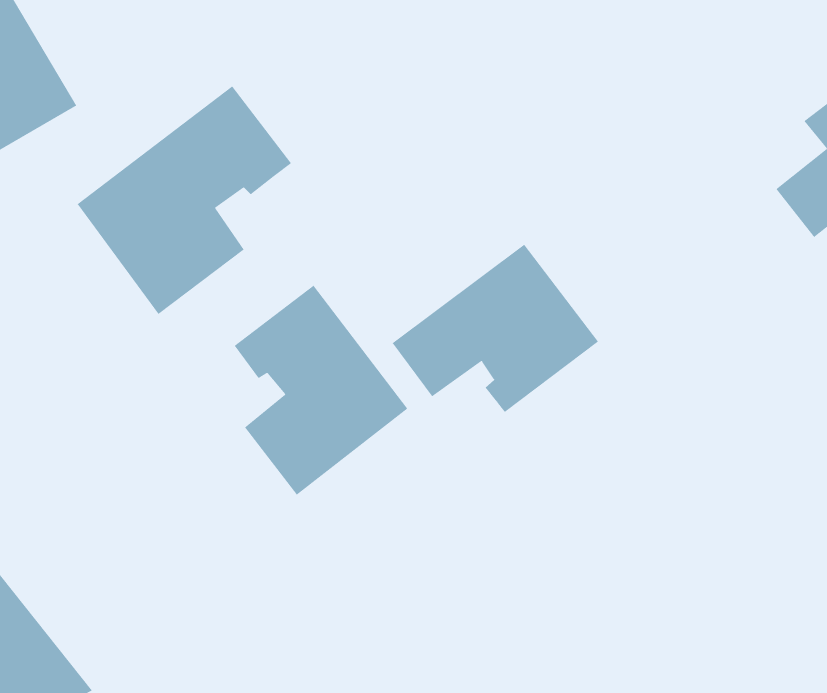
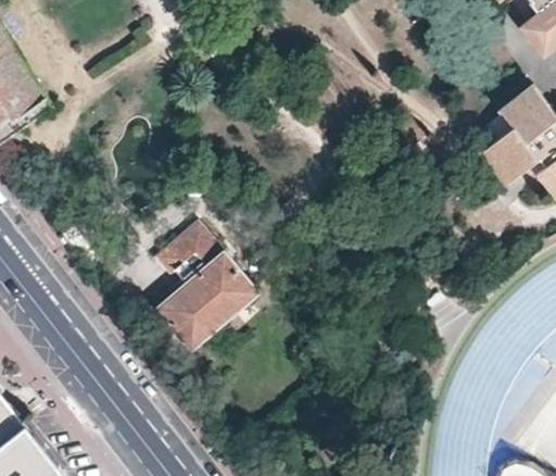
building: [77,85,292,315] -> none
building: [392,244,599,413] -> none

